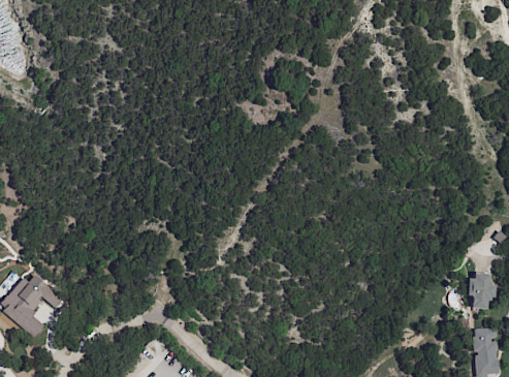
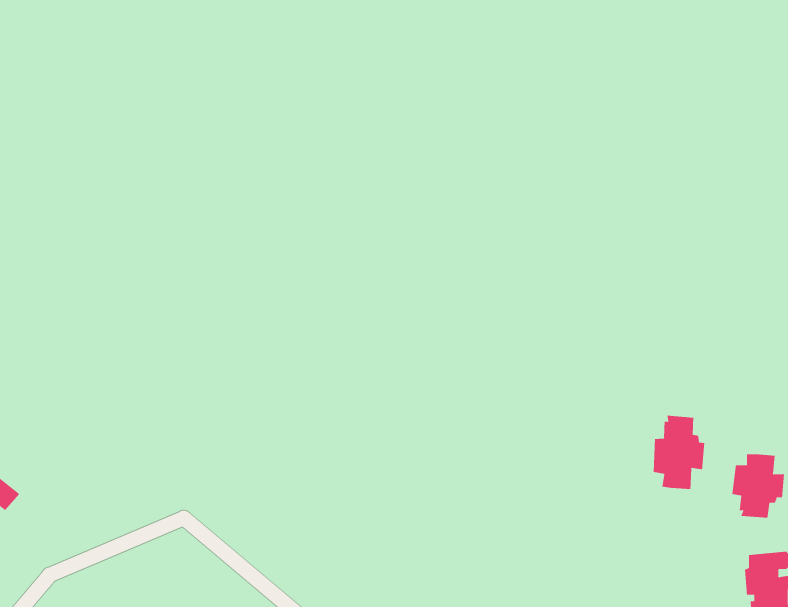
building: none -> [653,415,705,490]

